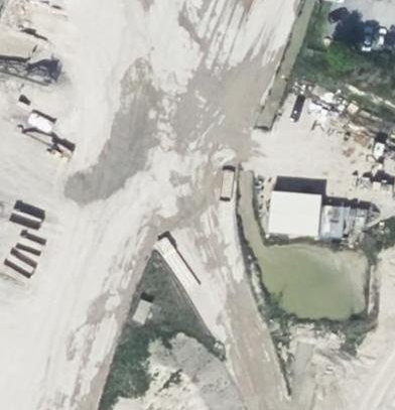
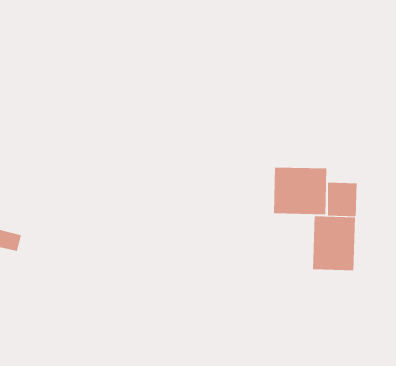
building: none -> [313,215,355,271]

